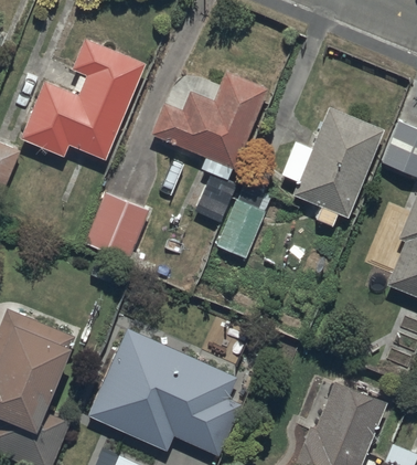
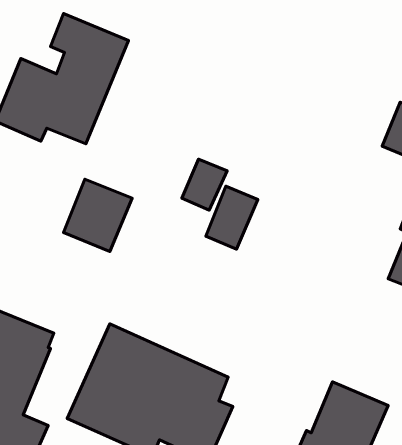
building: [150,71,268,180] -> none
building: [292,107,384,226] -> none

